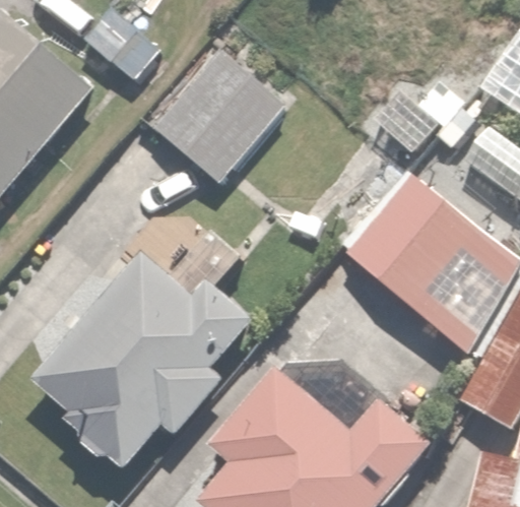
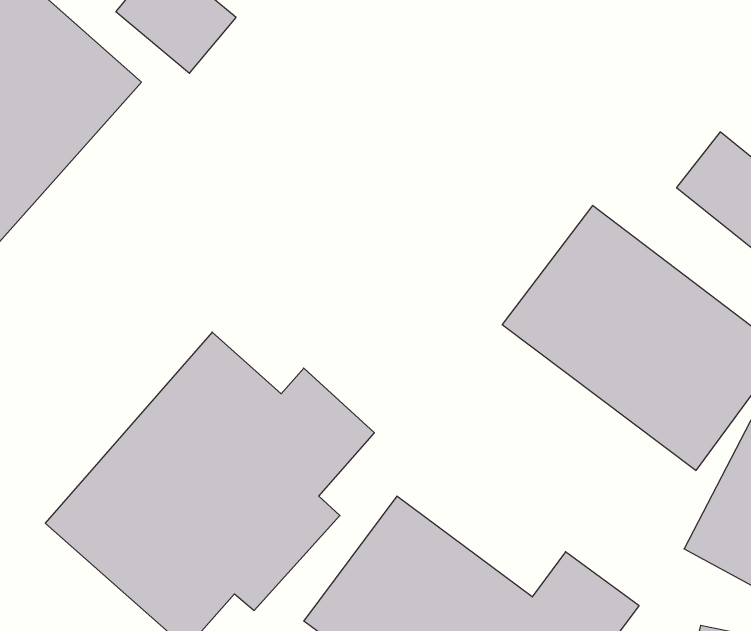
building: [155,58,276,182] -> none

